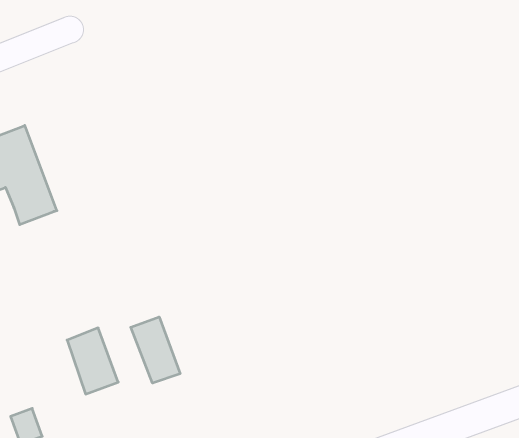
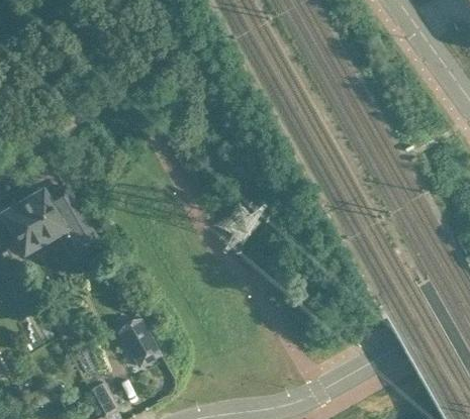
building: [131,317,180,383] -> none

